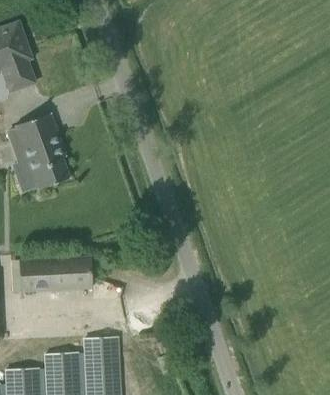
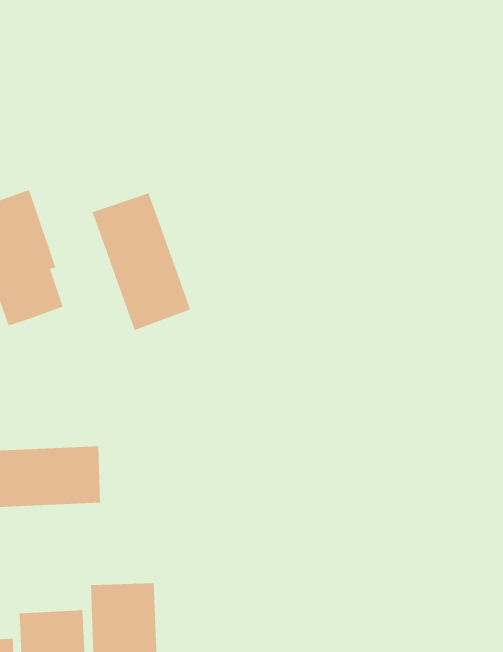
building: none -> [92,192,191,331]

